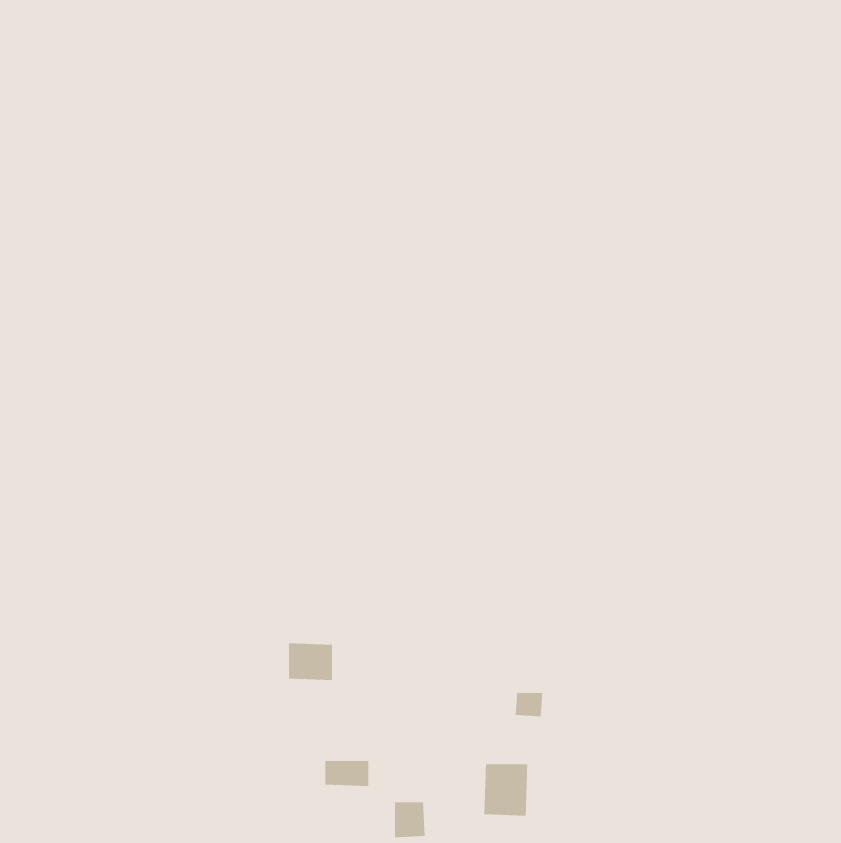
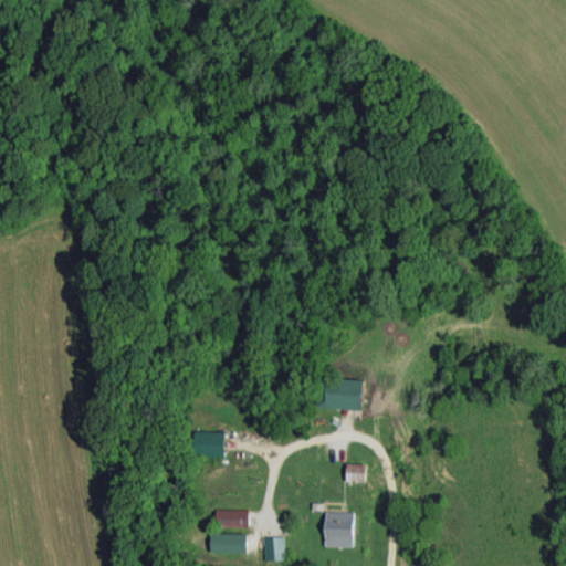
building: none -> [323,379,361,410]
building: none -> [220,534,244,553]

